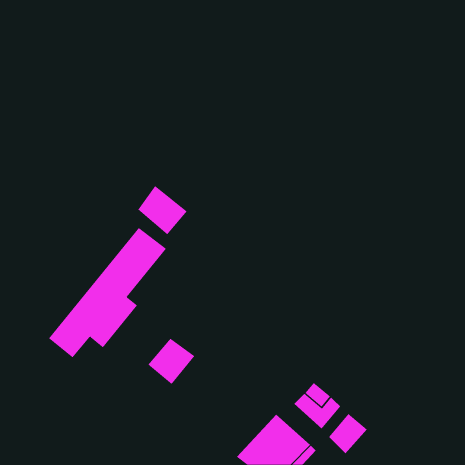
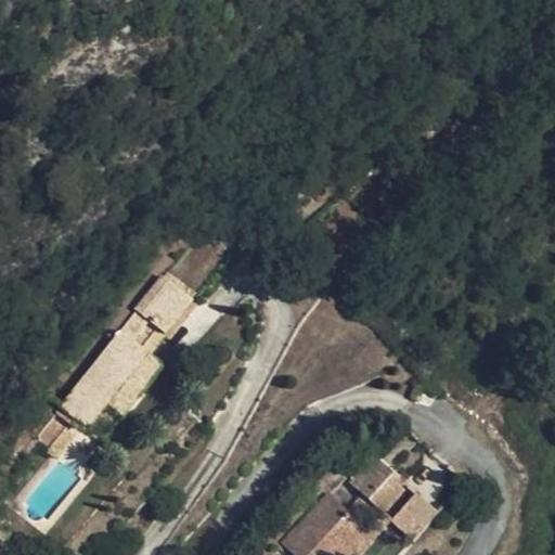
building: [137,185,188,235] -> none
building: [147,338,195,385] -> none

